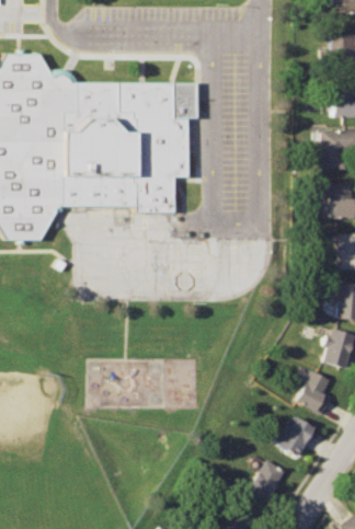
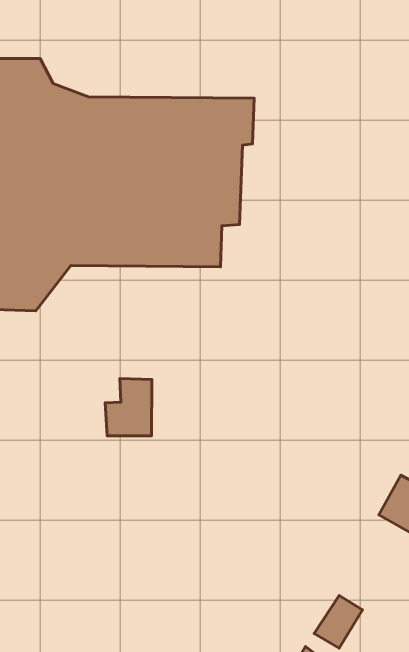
building: none -> [105,378,152,436]
building: [276,414,313,455] -> none

